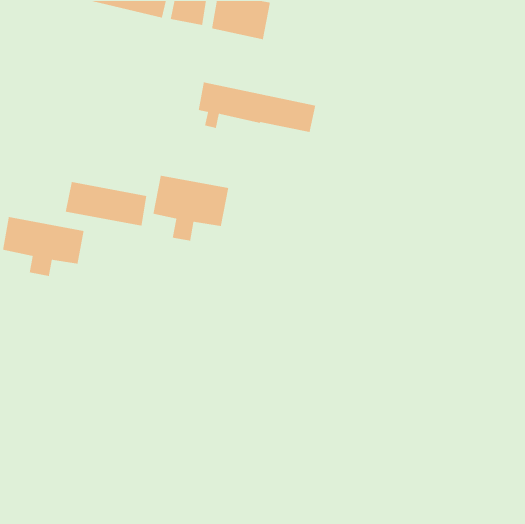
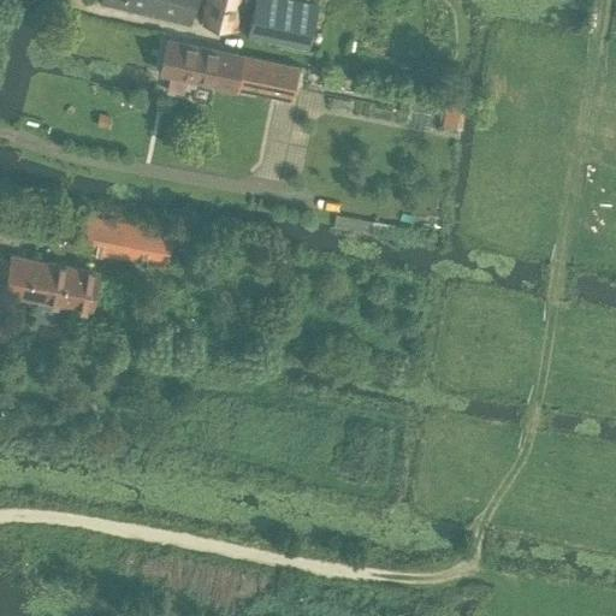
building: [198,82,316,133] -> [161,40,300,100]
building: [153,175,229,242] -> none

